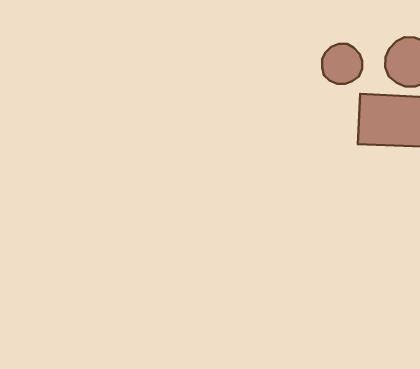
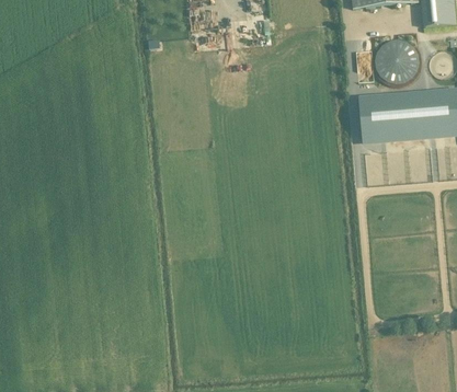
building: [322,44,362,84] -> none

